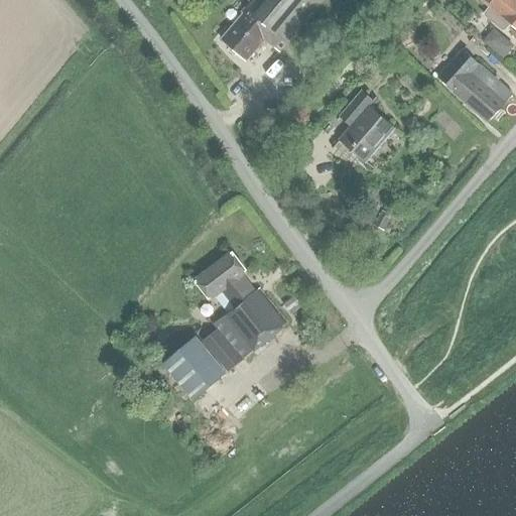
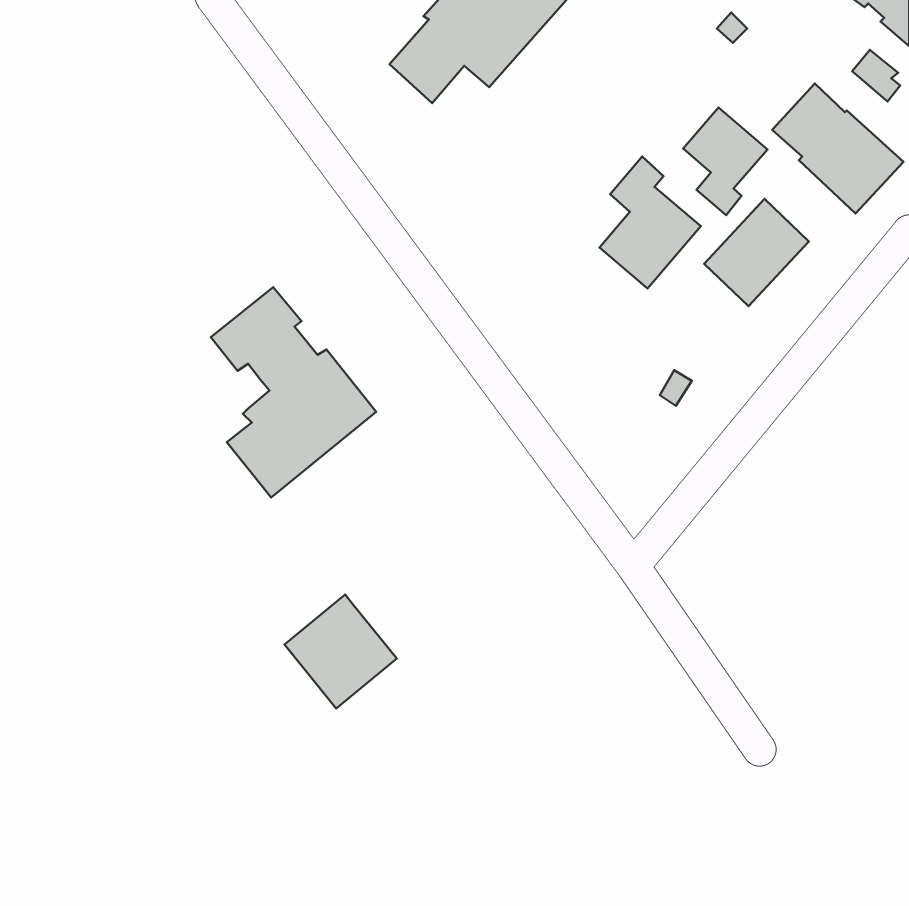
building: none -> [683,107,767,215]
building: none -> [704,199,809,306]
building: [194,252,287,371] -> [211,287,376,497]

